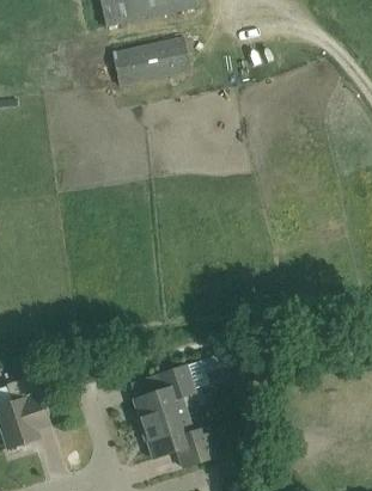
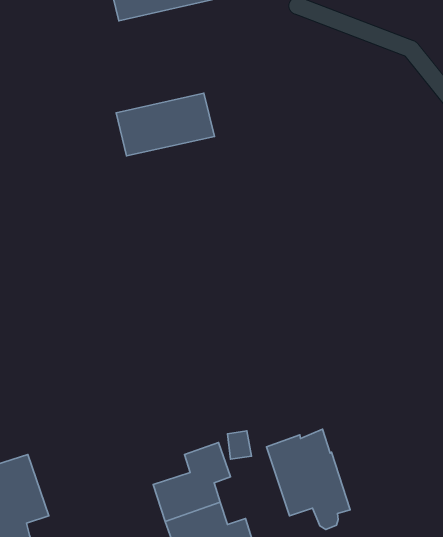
building: [111,36,190,86] -> [116,93,214,156]
building: none -> [267,429,350,529]

